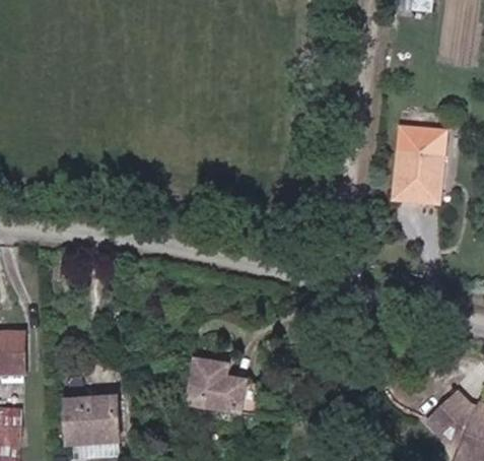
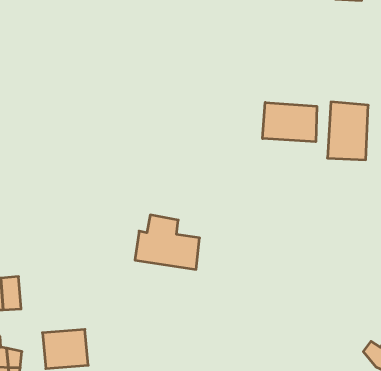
building: none -> [263,102,317,142]
building: [179,351,256,416] -> [135,215,200,269]

